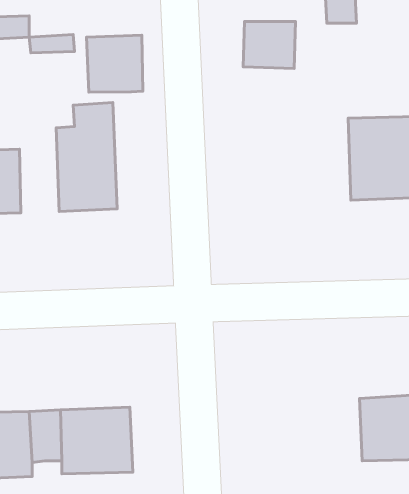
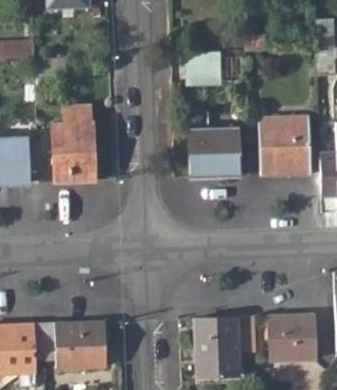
building: [87,35,143,92] -> none
building: none -> [189,129,240,178]
building: none -> [195,315,255,375]

